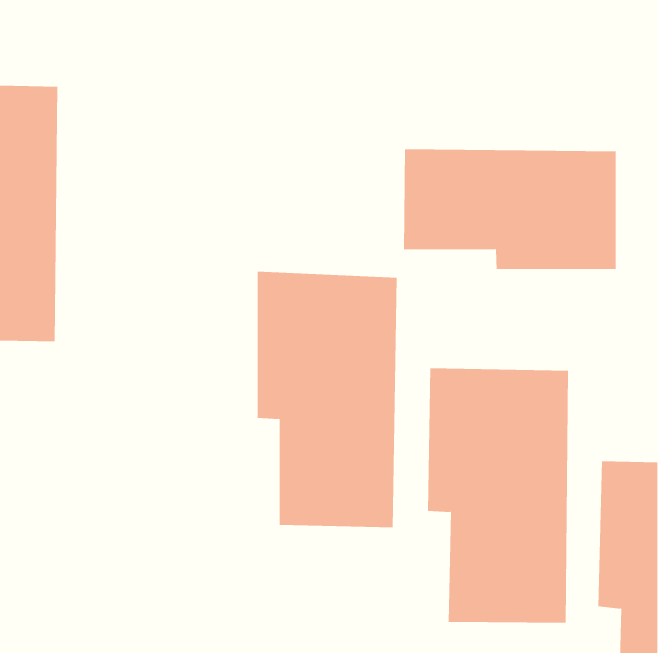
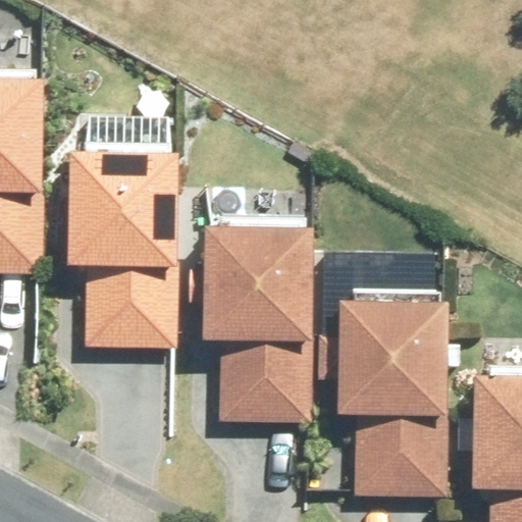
building: [404,149,616,270] -> none
building: none -> [66,146,179,349]

